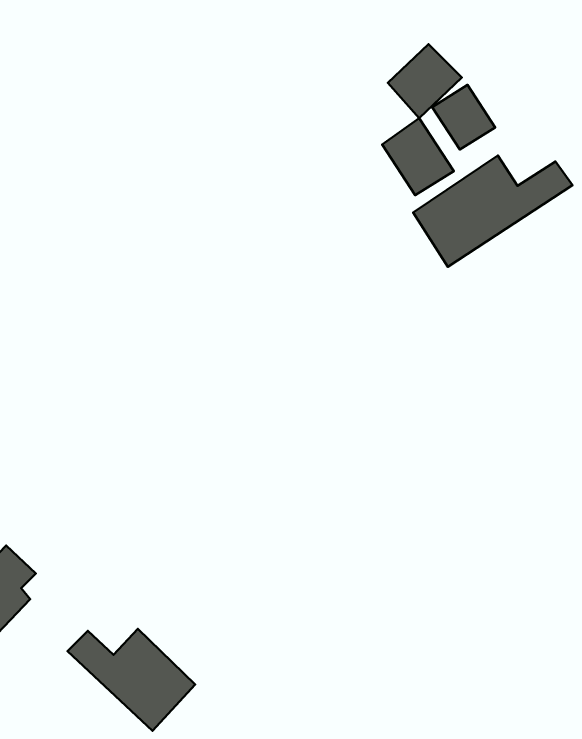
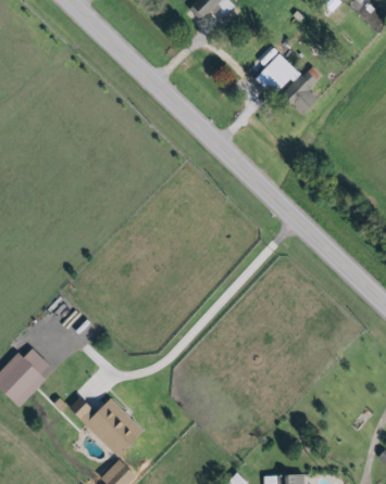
building: [382,118,454,195] -> none
building: [413,156,573,267] -> none

